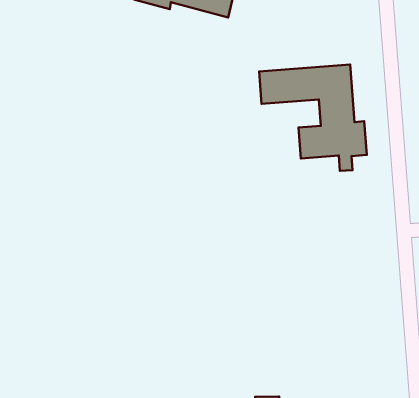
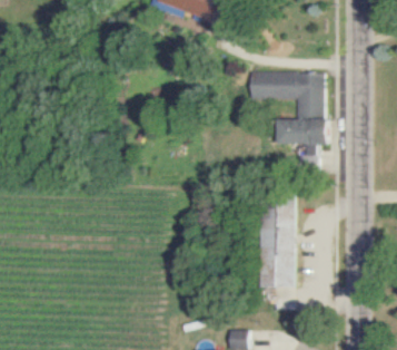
building: none -> [260,206,294,289]

